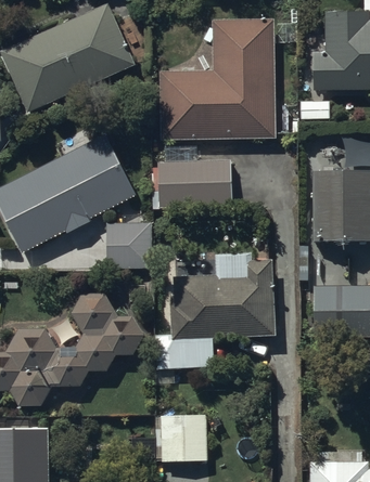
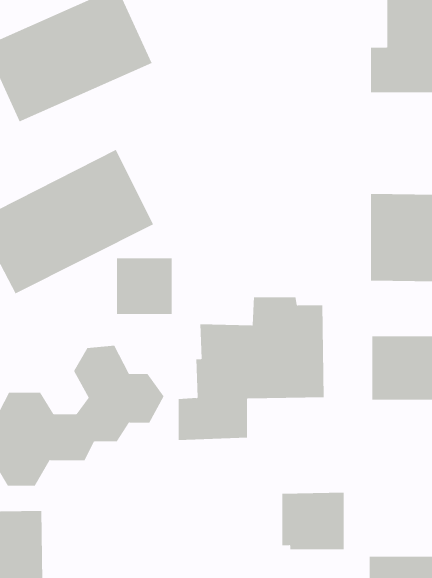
building: [160,19,275,139] -> none
building: [157,160,232,205] -> none
building: [156,414,207,460] -> [281,492,345,550]

